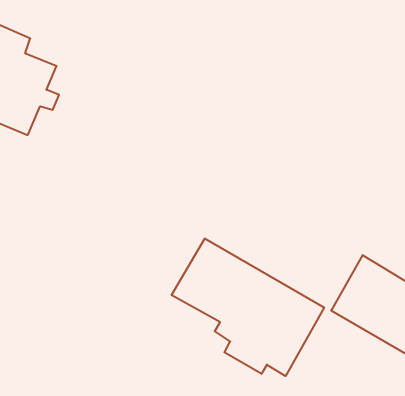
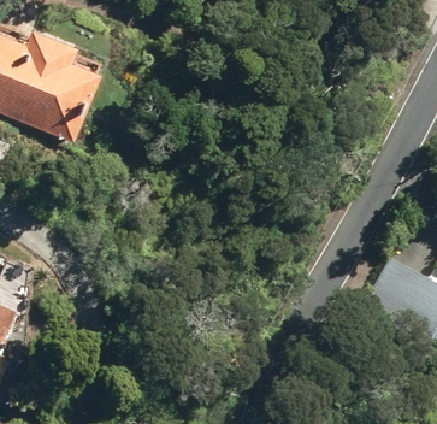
building: [172,238,324,376] -> none

